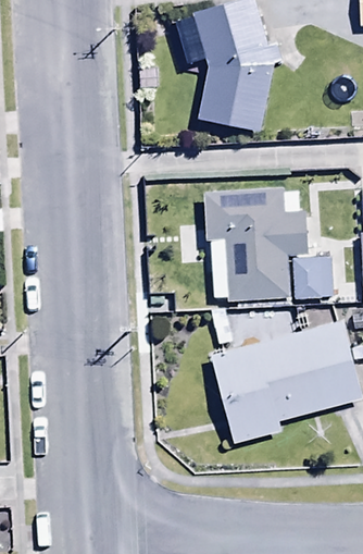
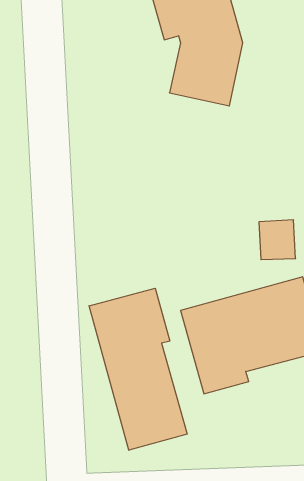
building: [206,187,308,299] -> none
building: none -> [89,288,187,450]

